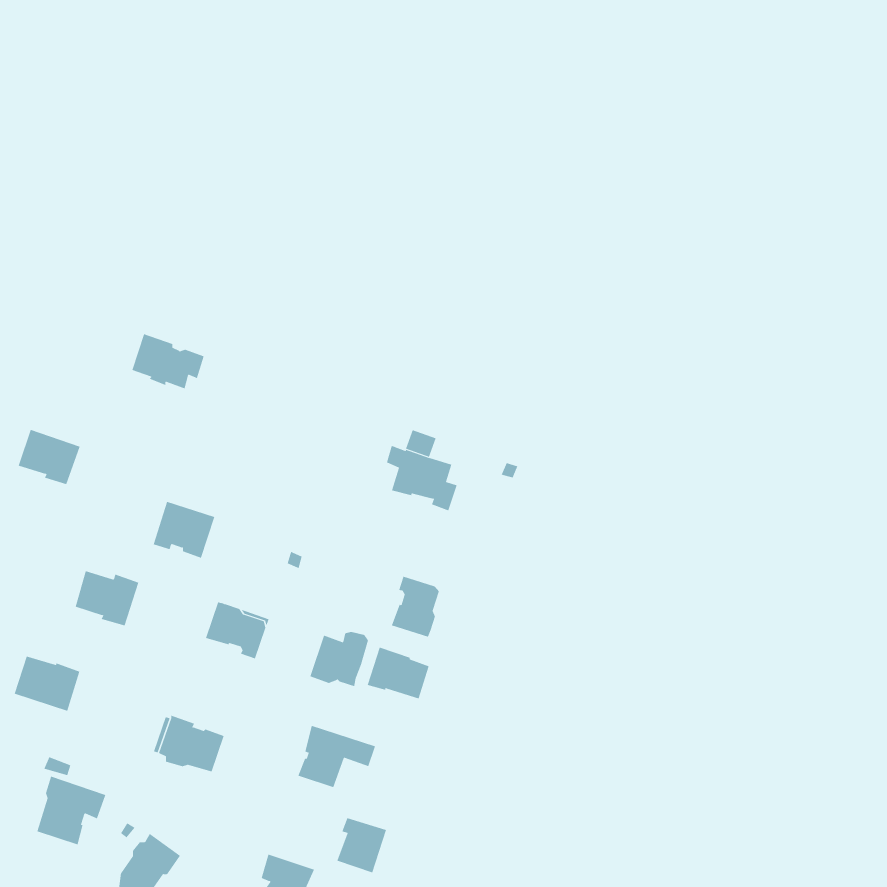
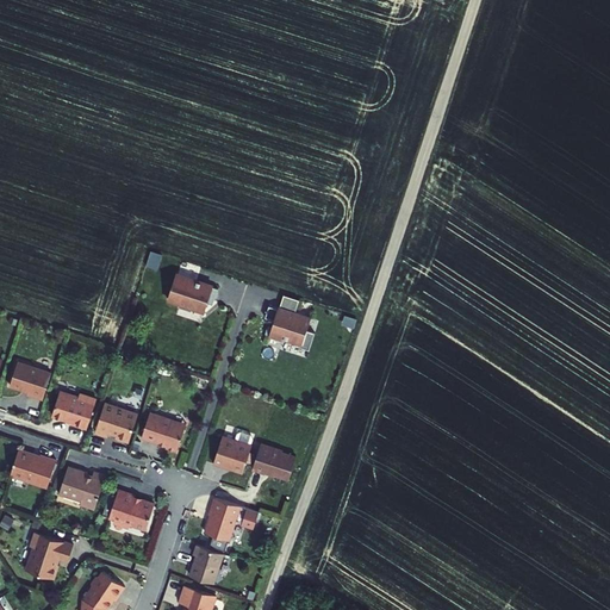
building: [131,333,204,389] -> [167,275,217,313]
building: [18,429,81,485] -> [8,362,51,400]
building: [153,501,215,559] -> [94,404,137,443]
building: [391,576,440,638] -> none
building: none -> [57,467,105,511]
building: [336,818,387,873] -> [188,546,223,584]

